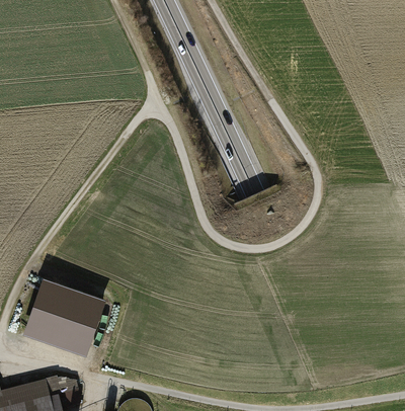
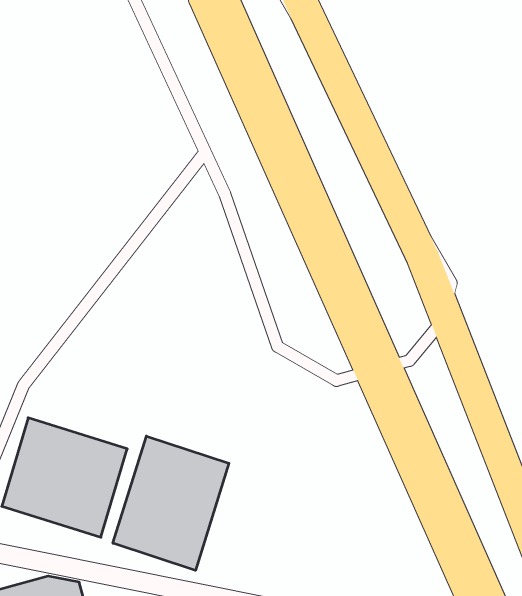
building: none -> [113,436,229,570]

